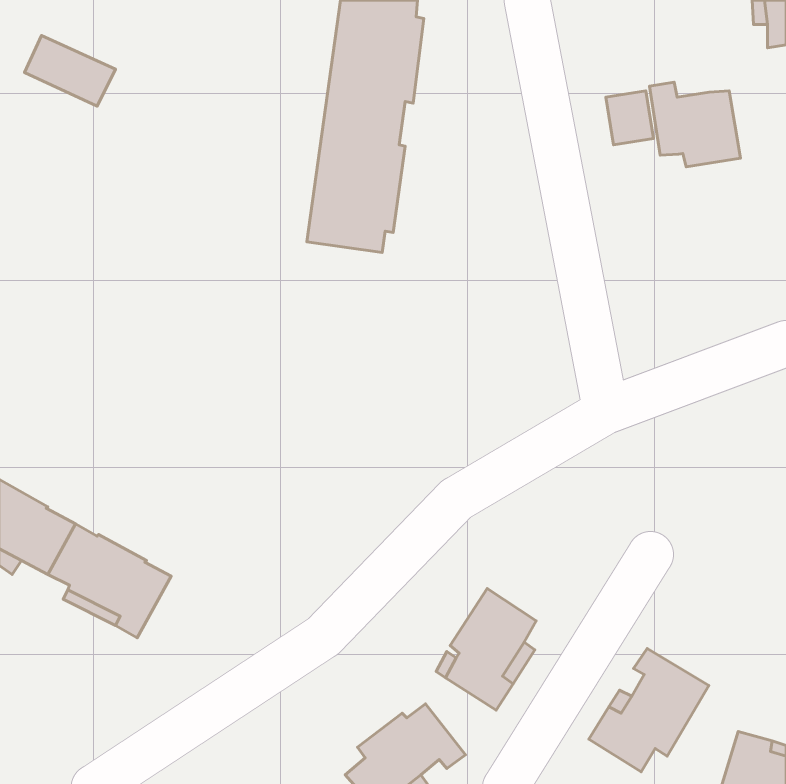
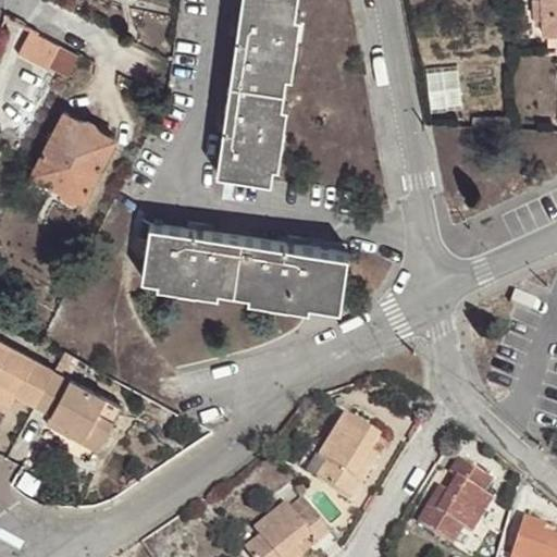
building: [649,82,740,167] -> none
building: none -> [32,113,113,202]
building: none -> [141,226,345,309]

